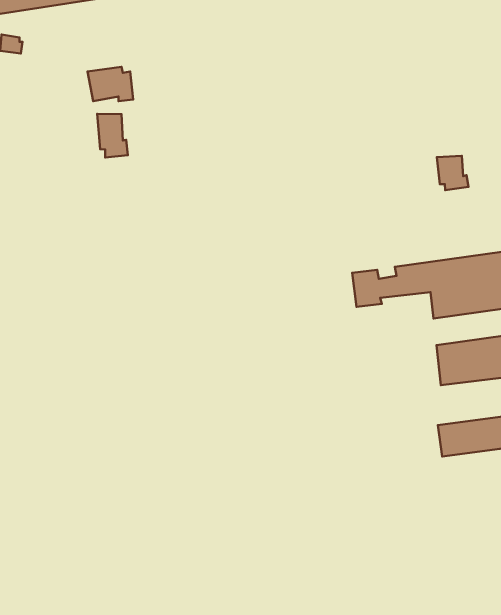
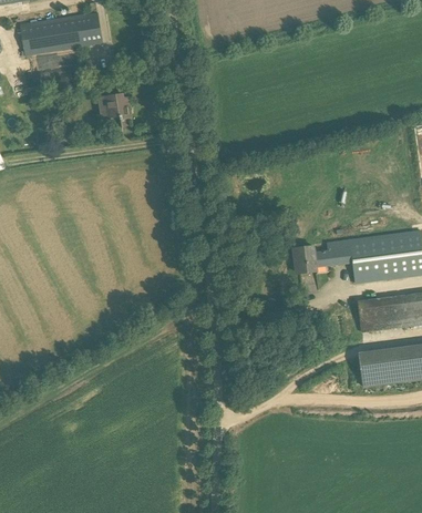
building: [97,114,128,157] -> none
building: [437,156,468,190] -> none

